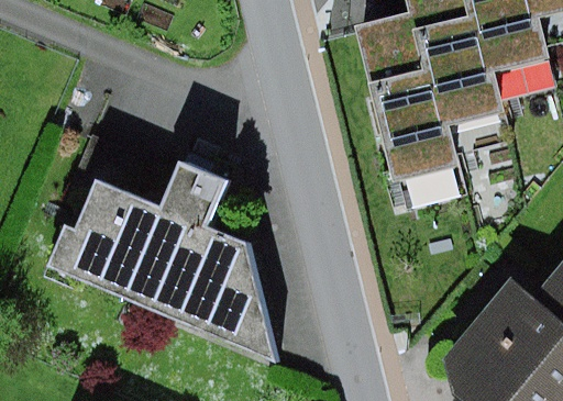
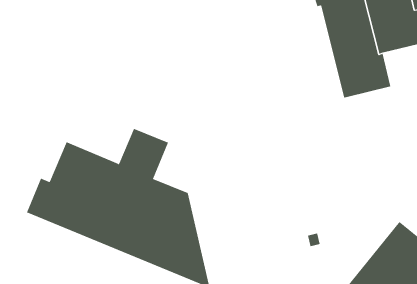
building: [358,13,461,183] -> none

